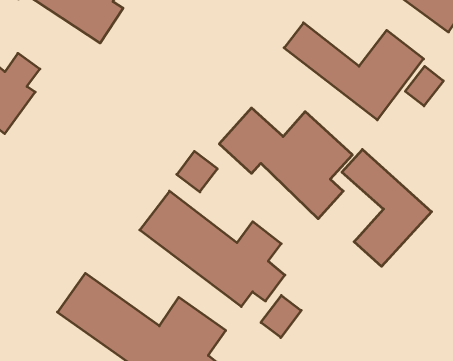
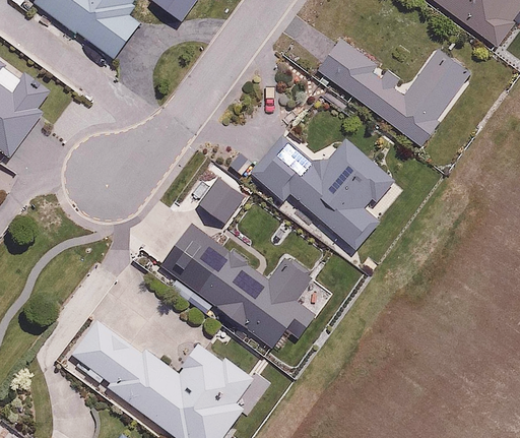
building: [405,66,443,106] -> none
building: [342,149,432,266] -> none
building: [261,295,301,338] -> none

